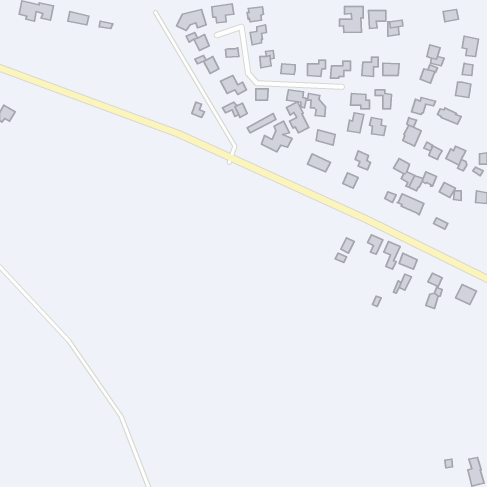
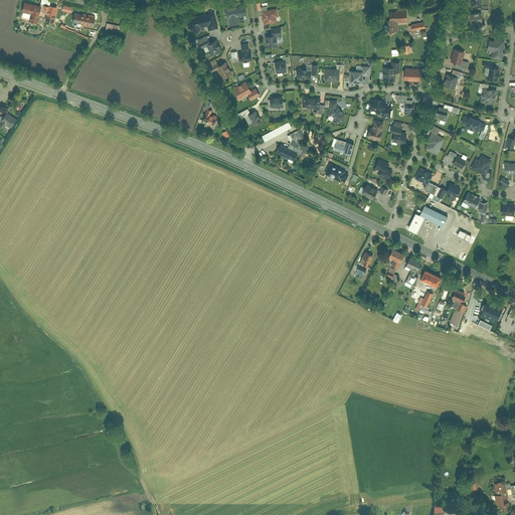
building: [339,6,363,32] -> none
building: [286,102,309,133] -> none

